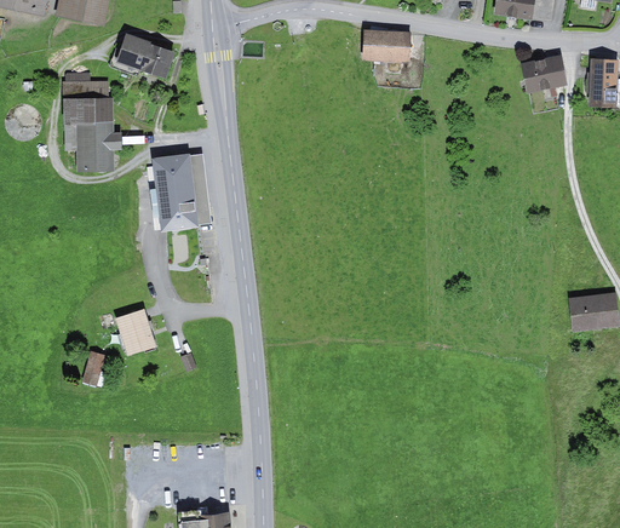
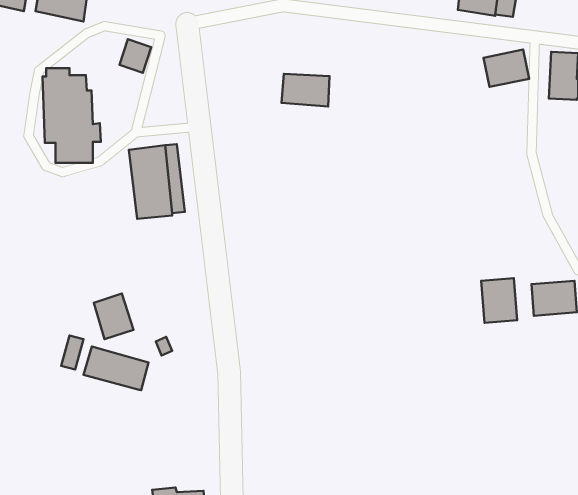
building: [361,29,411,63] -> [282,74,329,106]
building: [108,33,151,76] -> none
building: none -> [481,278,517,323]
building: none -> [83,347,148,390]

